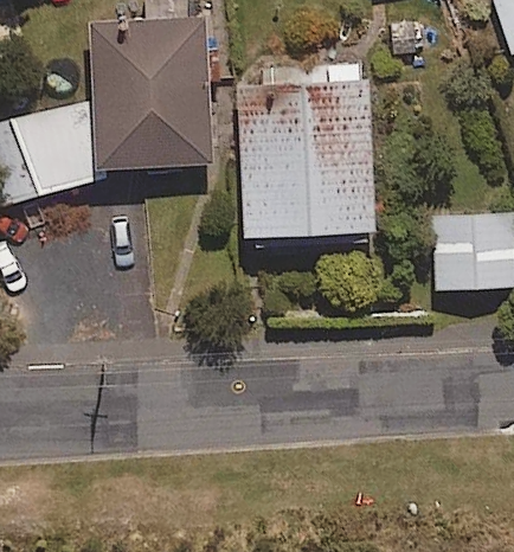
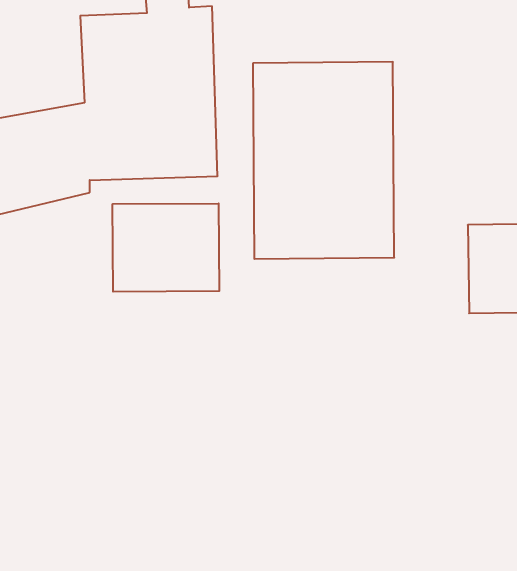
building: none -> [113,203,219,292]

